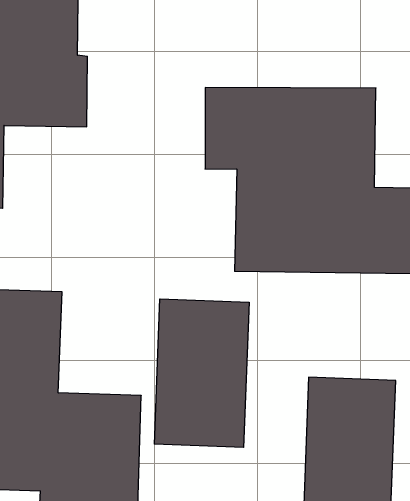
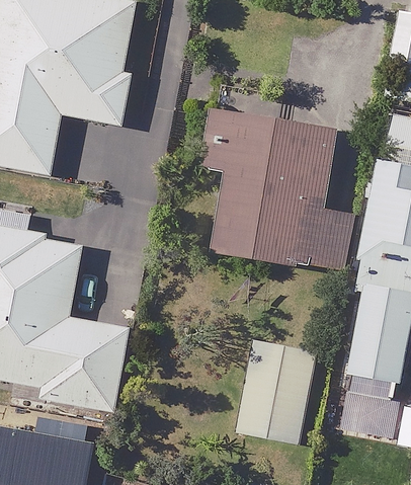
building: [154,299,249,447] -> none

